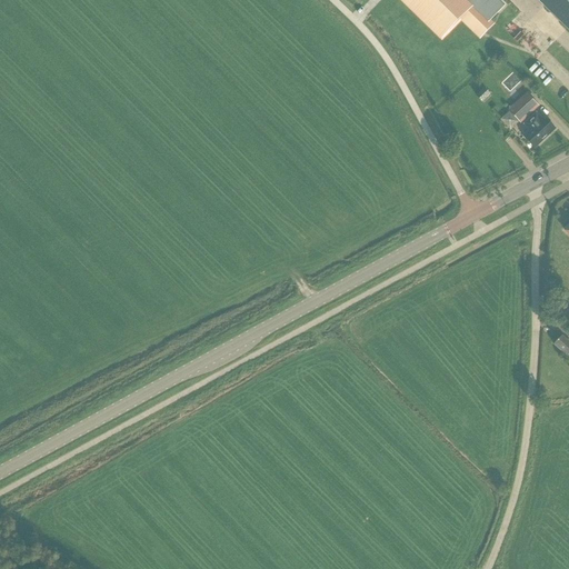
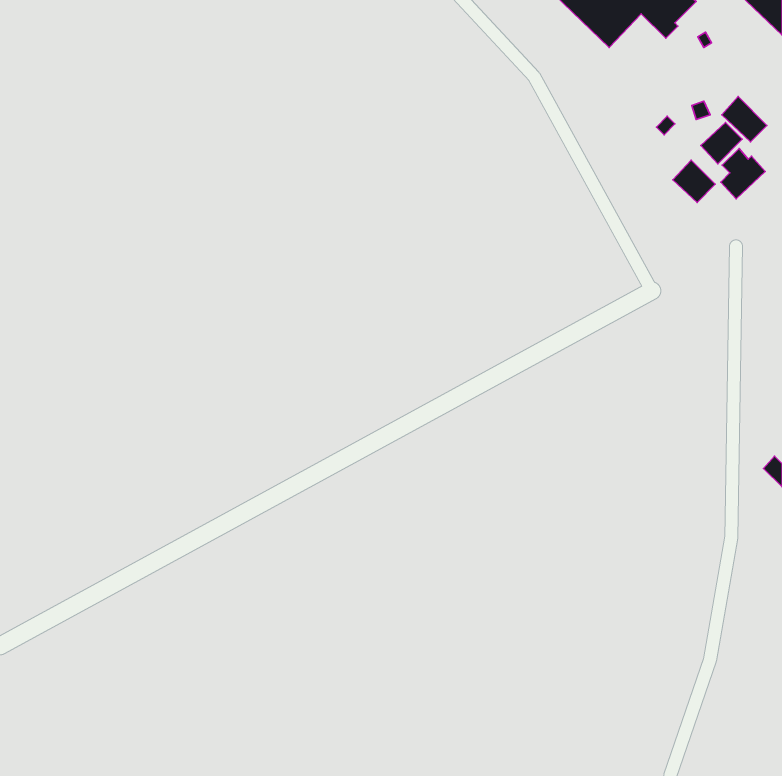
building: none -> [722,97,767,142]
building: none -> [673,160,715,202]

